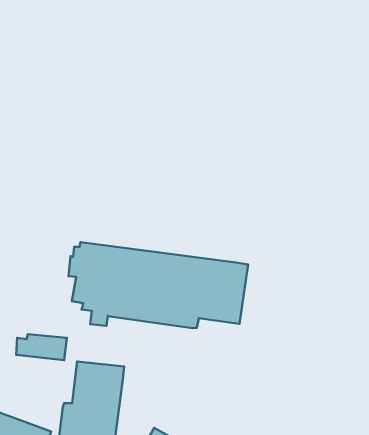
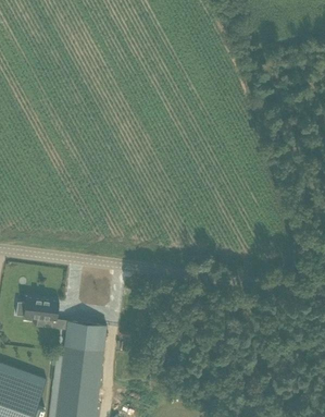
building: [68,242,248,328] -> none

